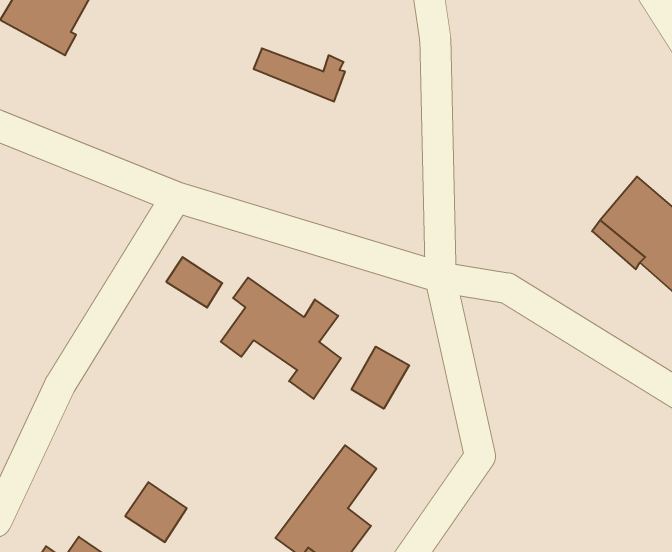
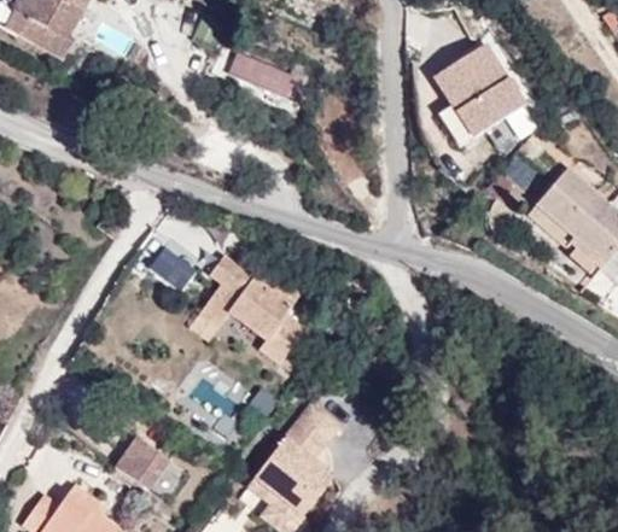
building: none -> [433,47,529,154]
building: [352,347,409,409] -> none

